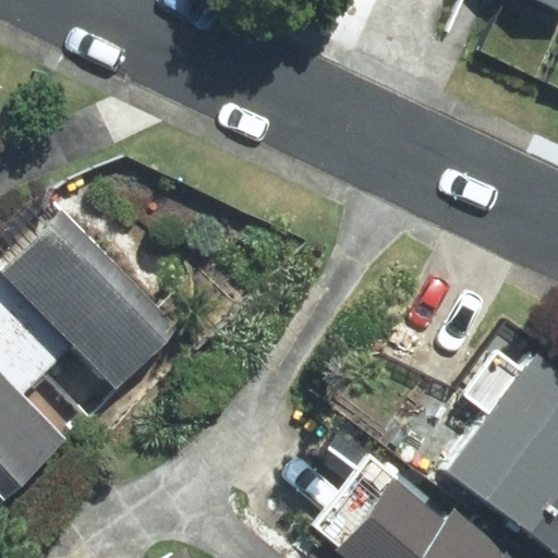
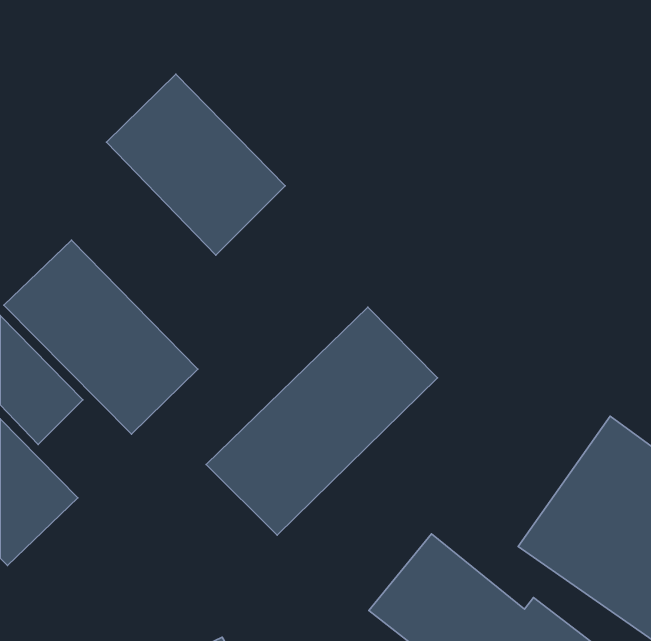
building: none -> [106,74,285,255]
building: none -> [206,307,437,535]

